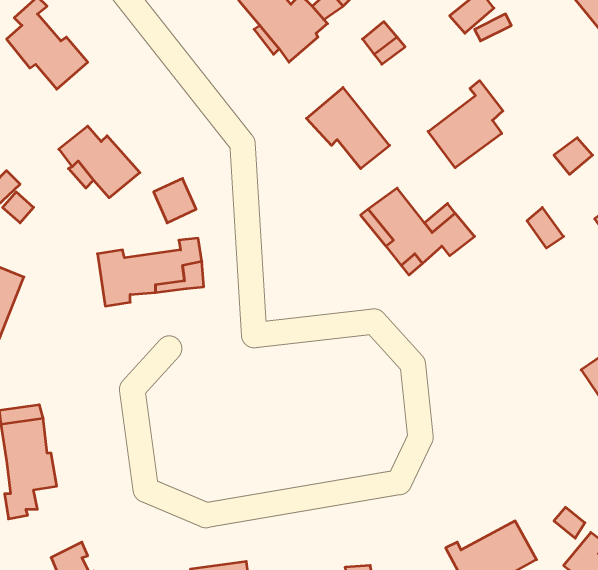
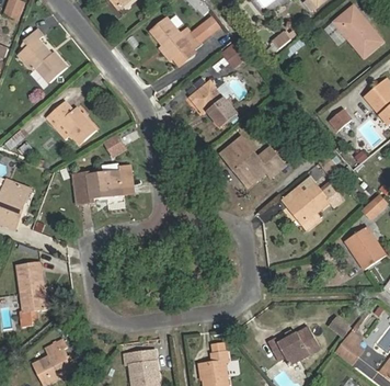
building: [428,81,503,168] -> none
building: none -> [283,182,342,228]

